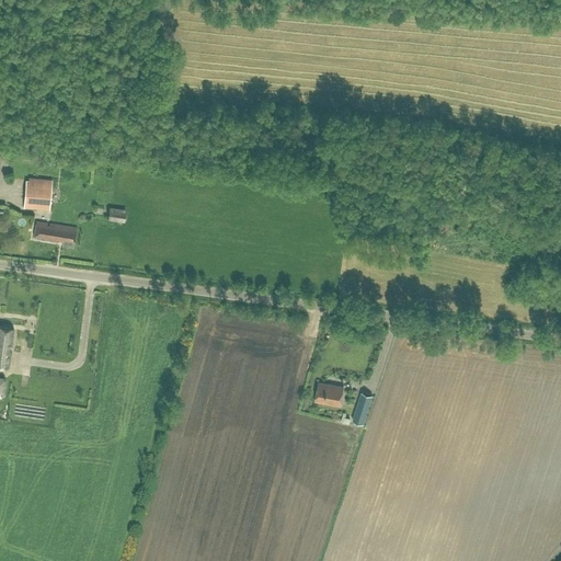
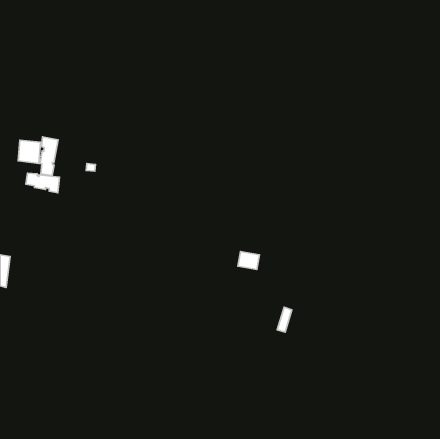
building: none -> [40,137,58,175]
building: [316,382,343,405] -> [238,252,259,270]

